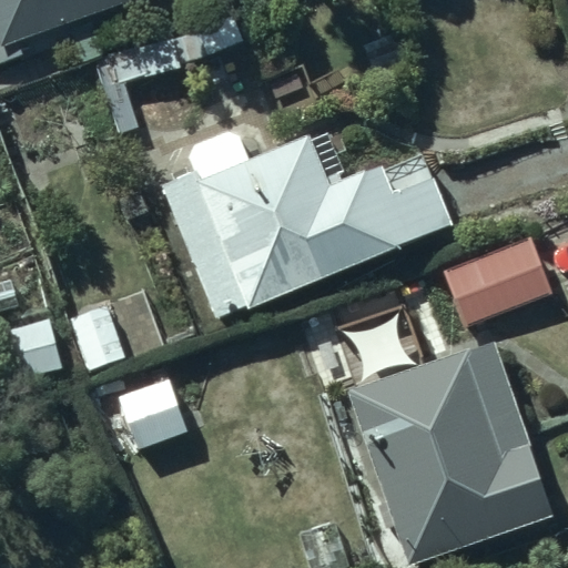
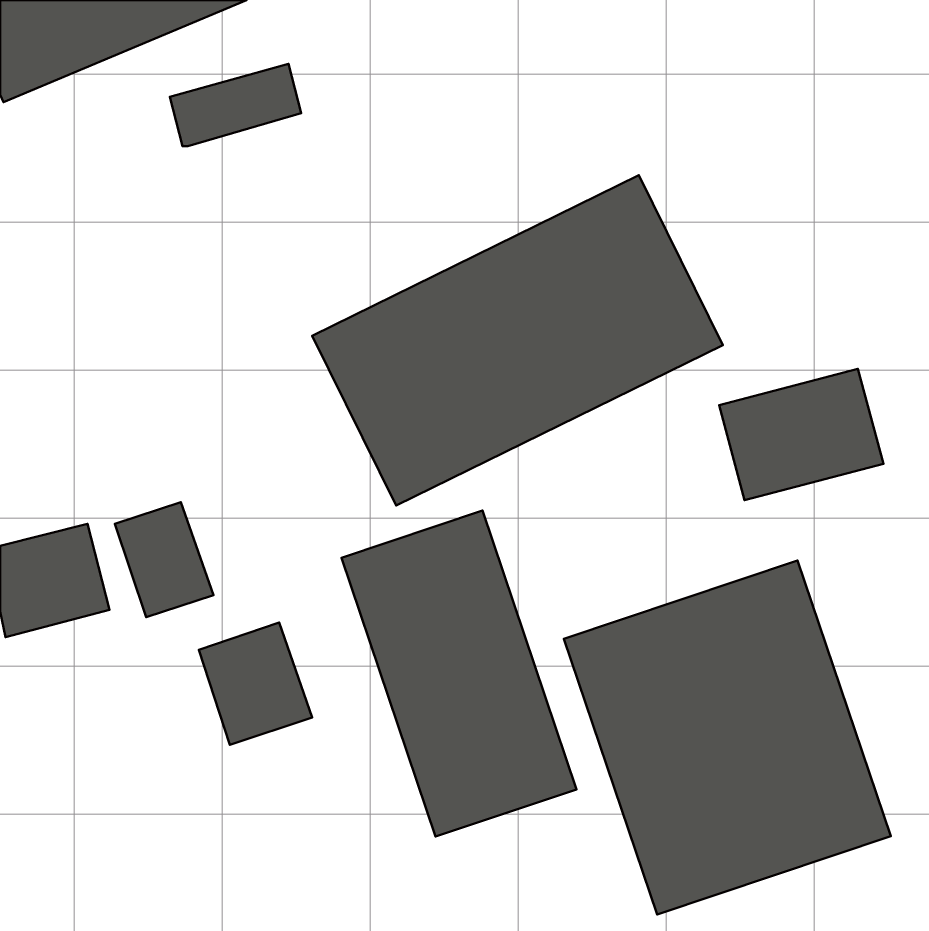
building: none -> [341,511,577,837]

